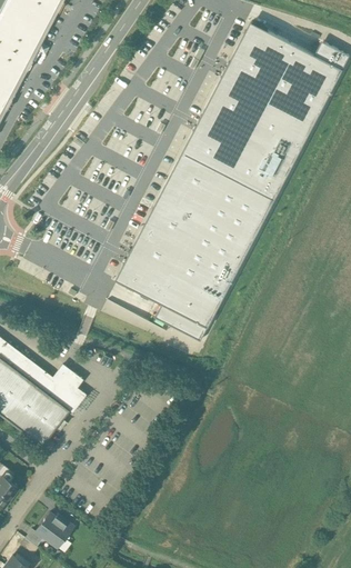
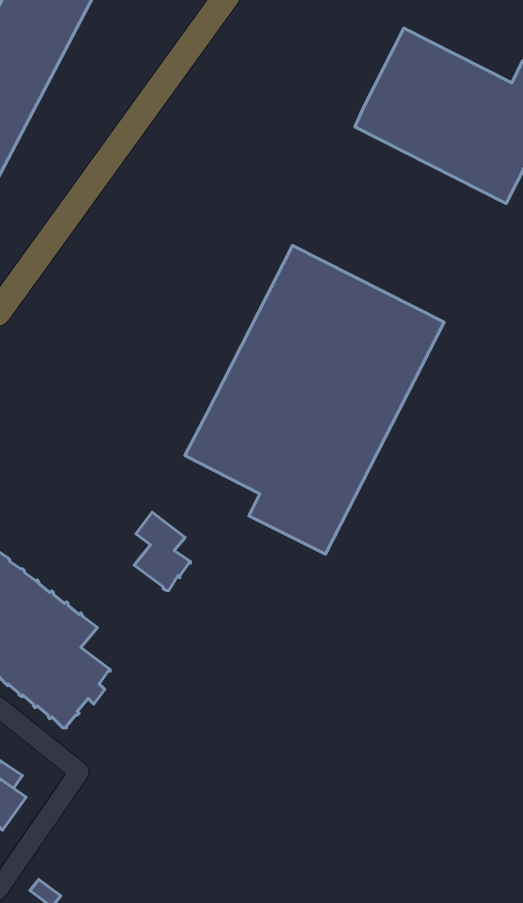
building: [180,81,310,200] -> none
building: [51,366,86,413] -> [134,512,191,591]
building: [36,512,73,548] -> none

